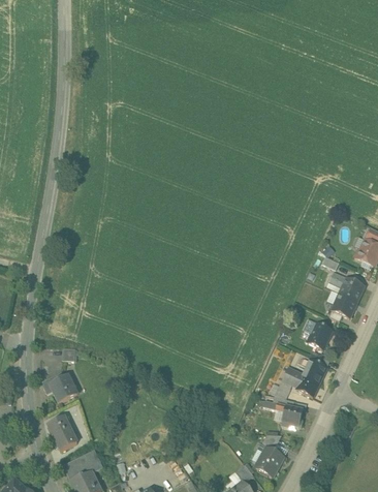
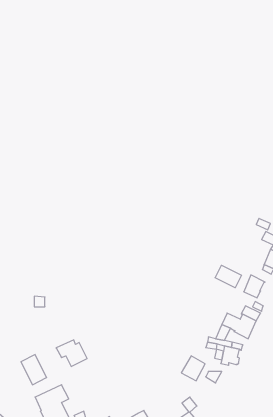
building: none -> [215,265,241,288]
building: [41,372,77,403] -> [56,340,87,366]
building: [255,448,283,476] -> [181,356,205,381]

